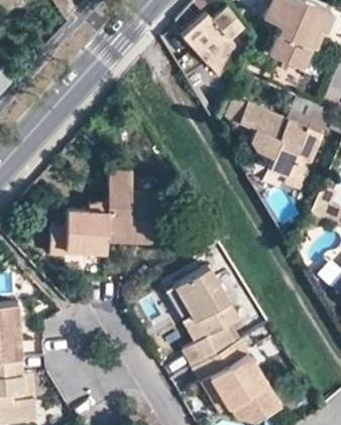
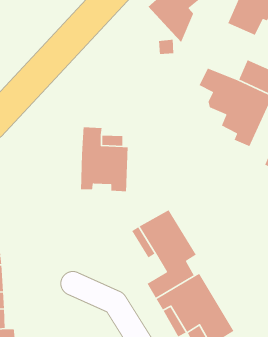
building: [48,201,106,253] -> none

